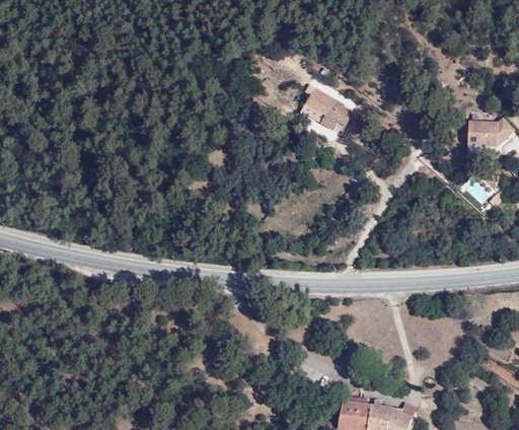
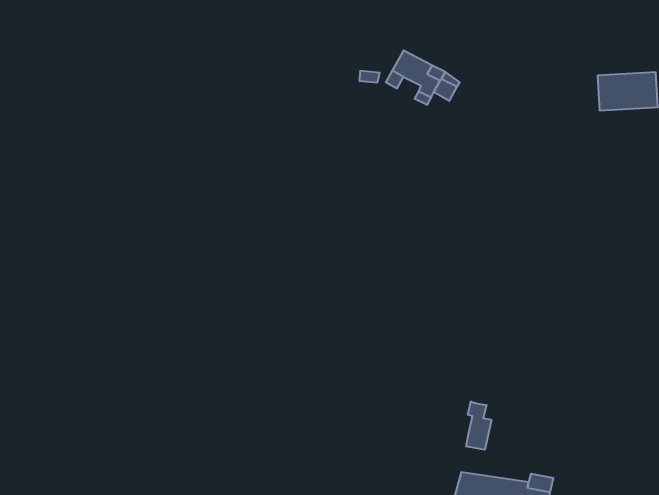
building: none -> [466,401,491,450]

